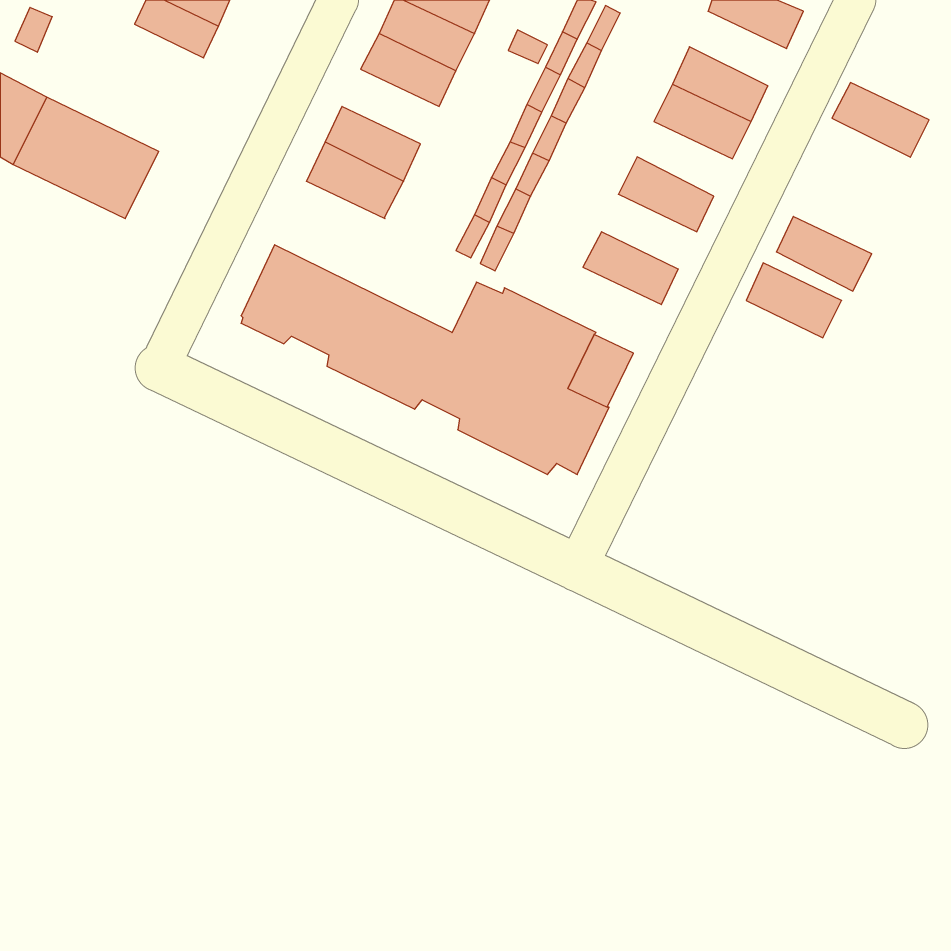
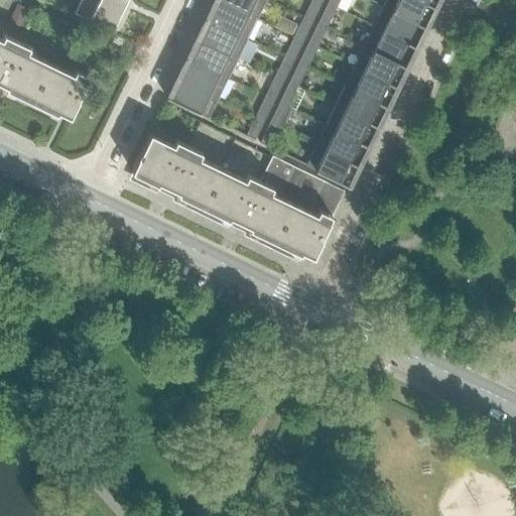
building: none -> [186,39,239,80]
building: [832,83,929,157] -> [374,8,426,48]
building: [776,216,872,291] -> [346,68,397,108]
building: [746,263,842,338] -> [327,107,378,147]
building: none -> [306,146,359,187]

